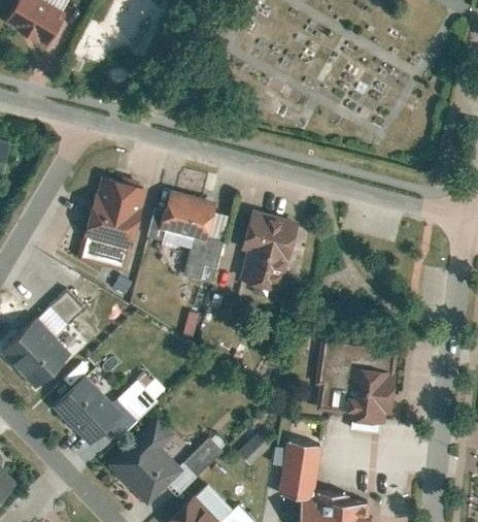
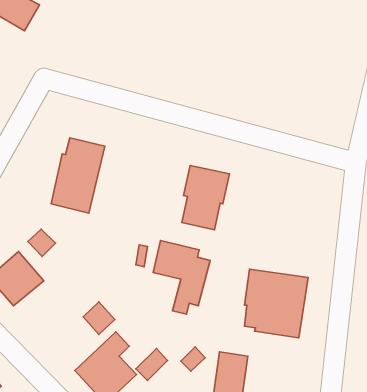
building: [160,191,230,282] -> [153,241,210,314]
building: [54,376,123,445] -> none

